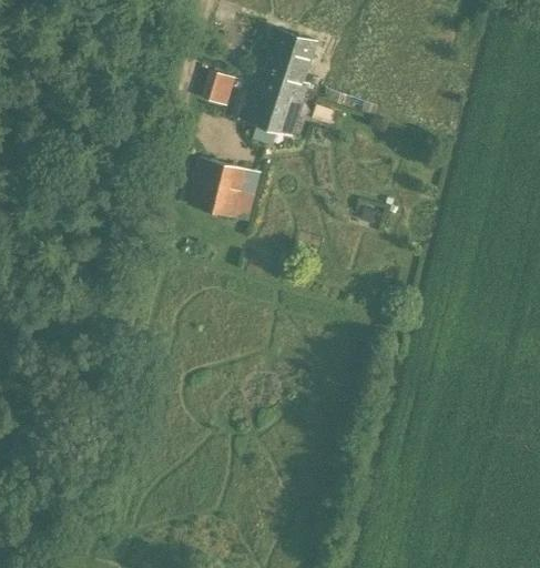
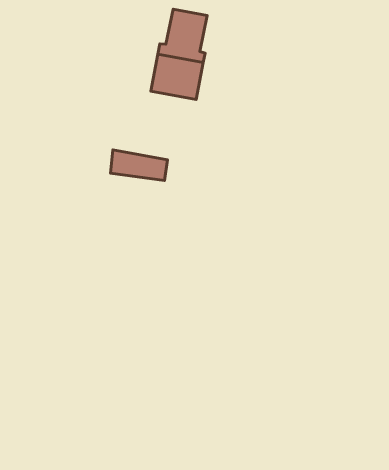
building: [203,70,237,106] -> none
building: [196,158,261,199] -> none

